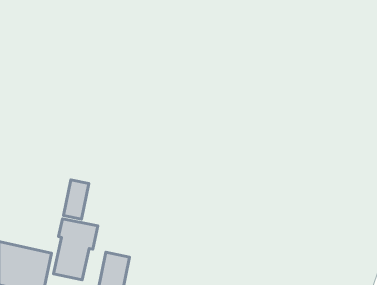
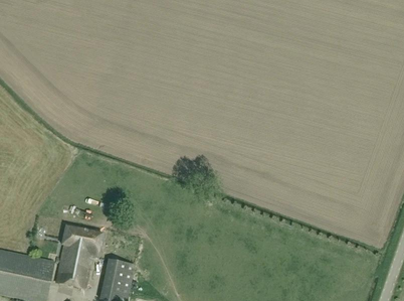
building: [64,180,89,219] -> none

